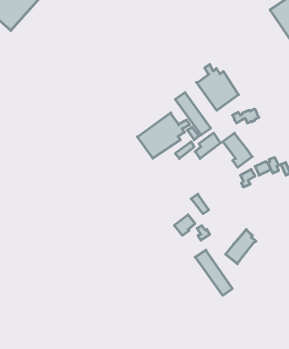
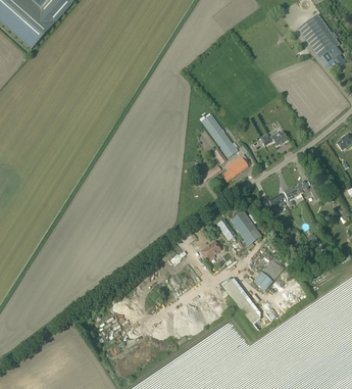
building: [196,64,239,110] -> none
building: [137,113,190,158] -> none
building: [223,133,252,167] -> [231,211,261,247]

